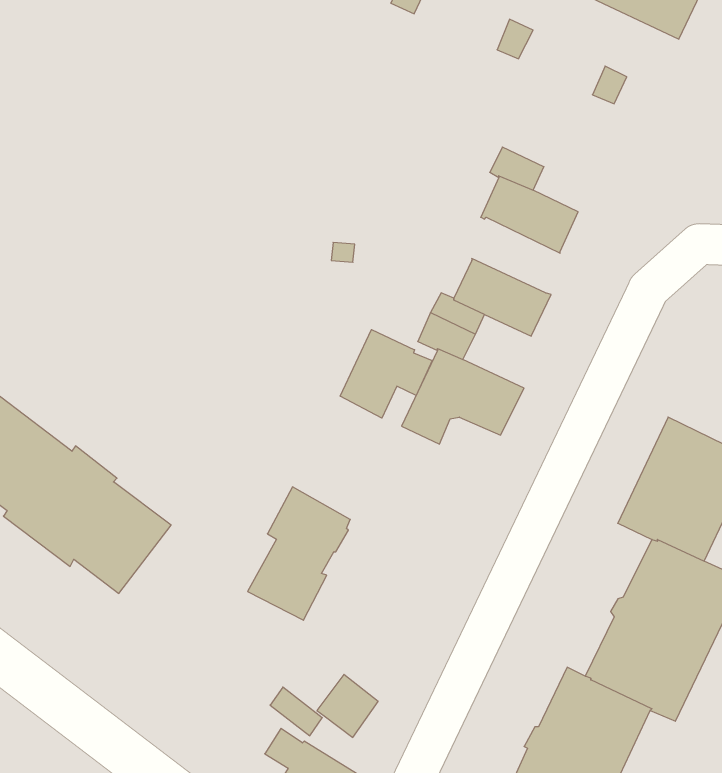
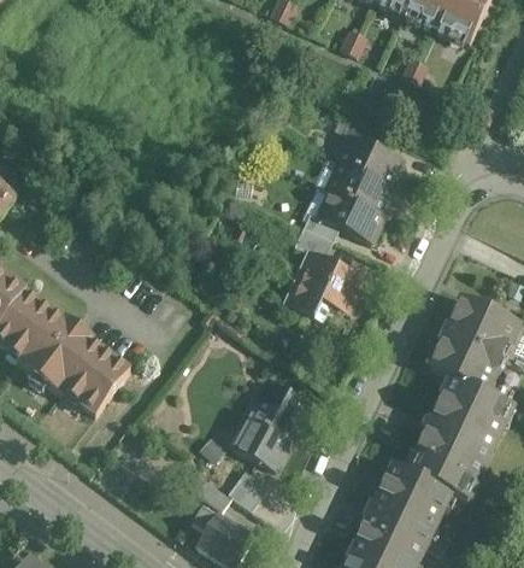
building: none -> [326,162,391,212]
building: [340,330,432,418] -> none
building: [248,487,350,620] -> [237,380,306,469]

